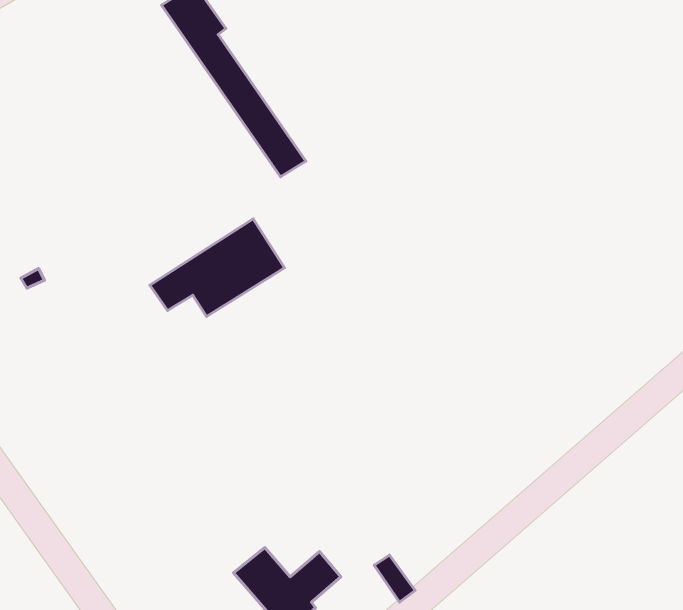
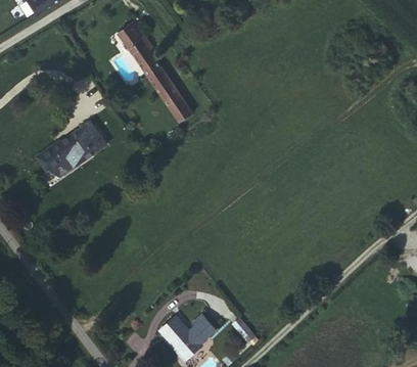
building: [150,219,285,316] -> [38,122,108,173]

